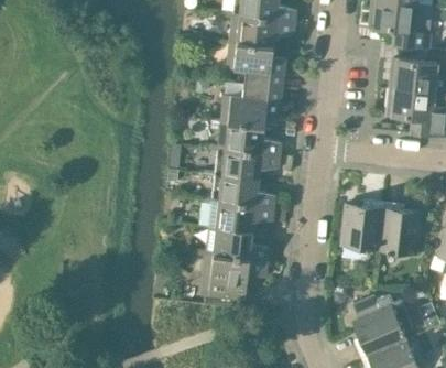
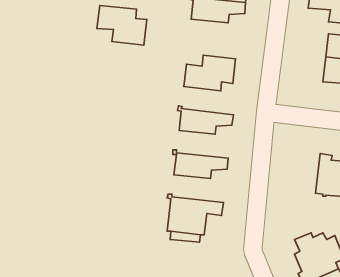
building: [227,41,286,88] -> [97,6,147,45]
building: [218,121,282,155] -> none
building: [213,174,276,207] -> none
building: [341,201,384,250] -> none
building: [207,227,270,260] -> none

